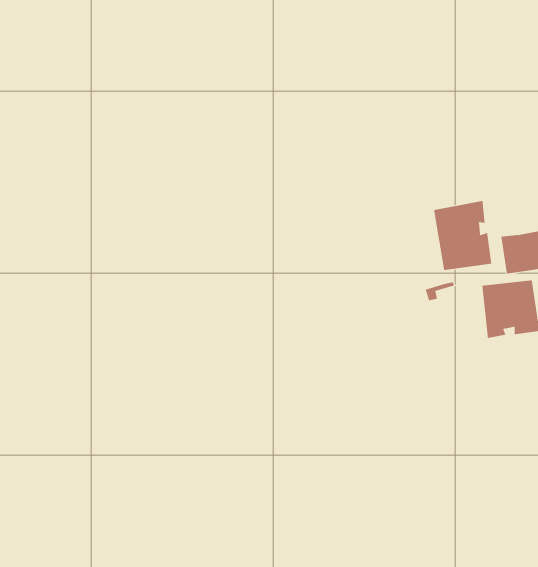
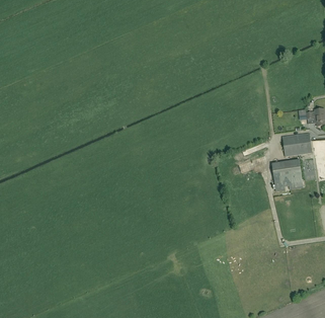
building: [434,200,492,271] -> none

